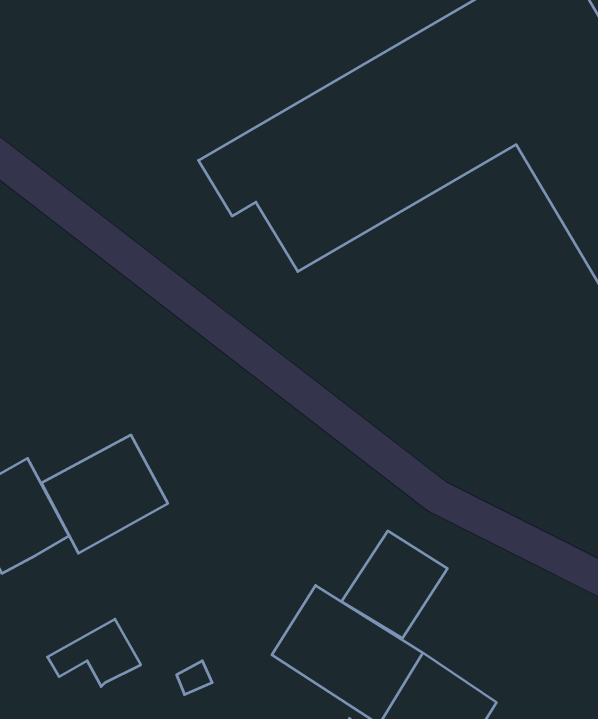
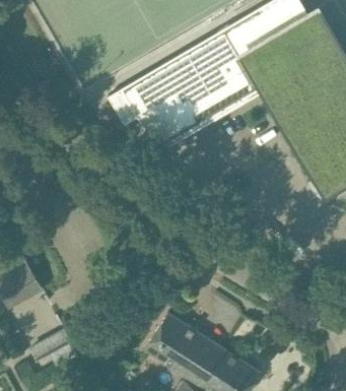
building: [42,435,168,553] -> none
building: [341,531,447,638] -> none

